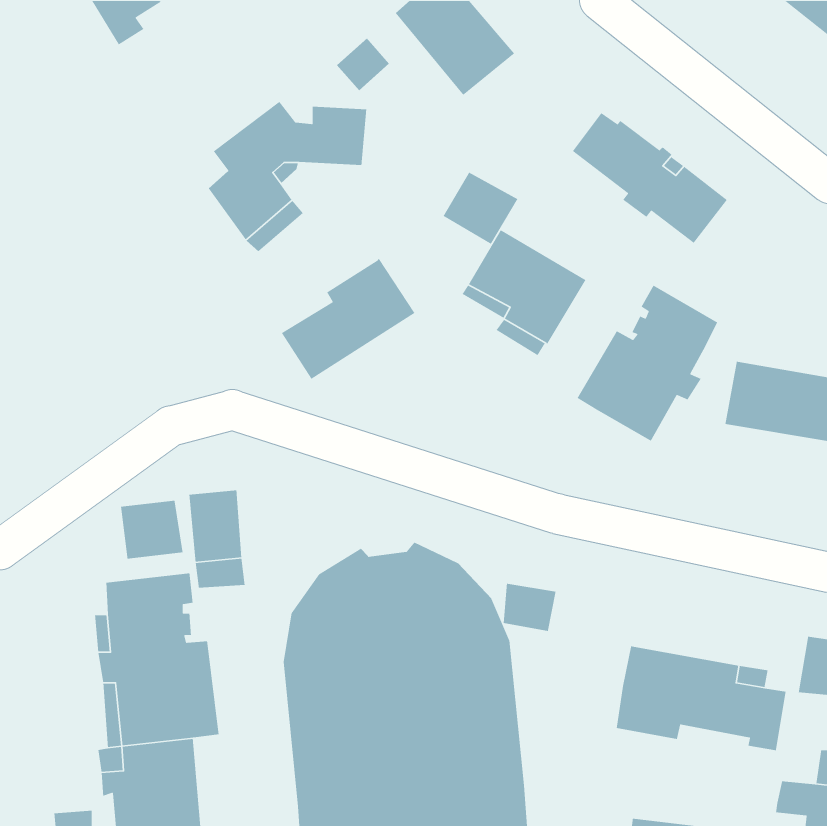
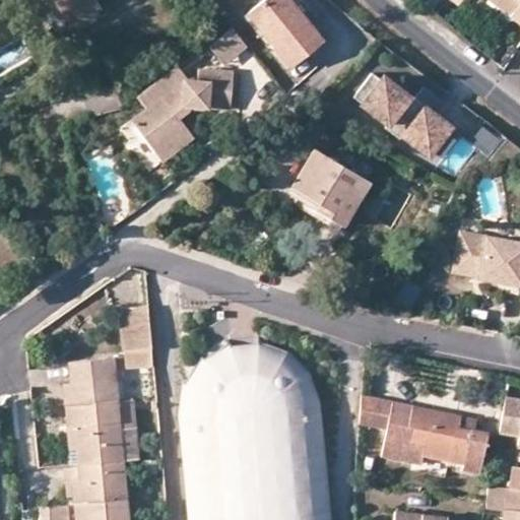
building: [443,172,519,245] -> none
building: [281,258,416,380] -> none
building: [576,284,718,442] -> none
building: [120,500,183,560] -> none
building: [503,583,557,632] -> [363,401,396,432]

